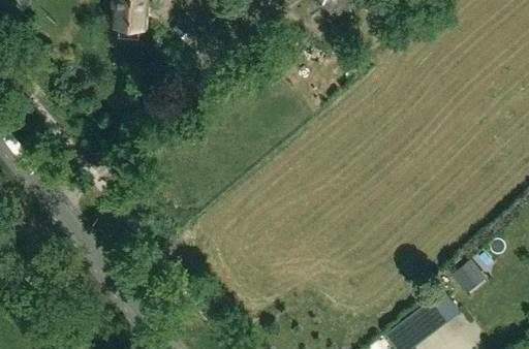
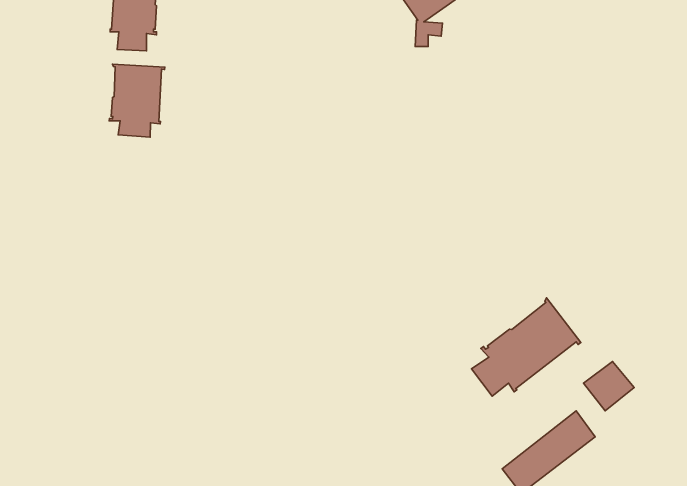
building: none -> [109,64,165,137]
building: none -> [472,298,581,396]

